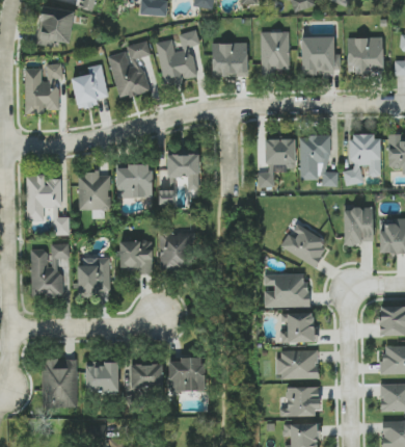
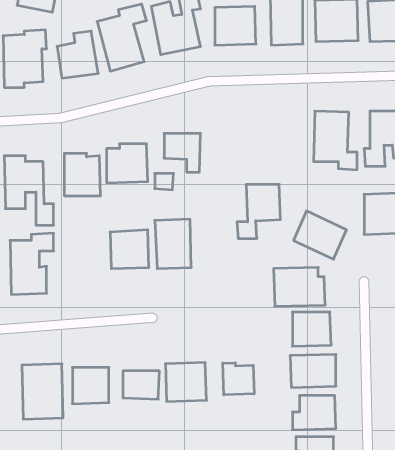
building: [258,138,296,186] -> [237,184,280,238]
building: [78,256,111,296] -> none
building: none -> [223,363,254,395]

